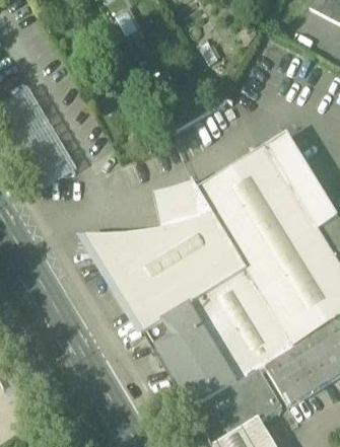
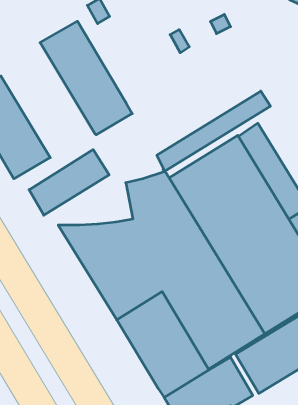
building: none -> [40,21,132,135]
building: none -> [157,91,270,171]
building: none -> [29,150,109,215]

